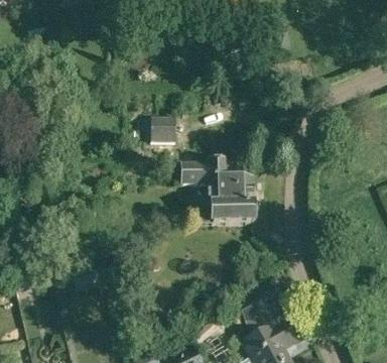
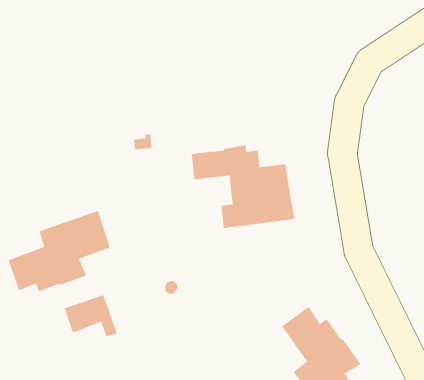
building: [151,117,176,142] -> none
building: none -> [8,210,111,292]

